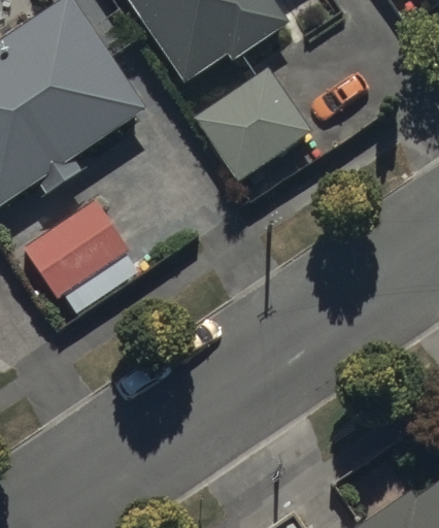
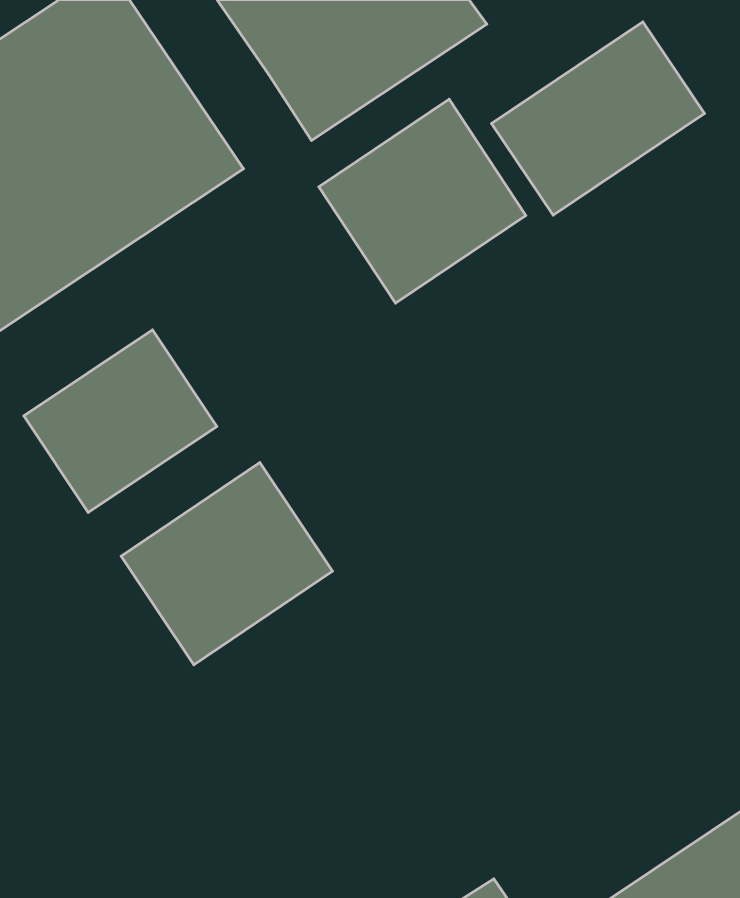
building: none -> [492,22,705,215]
building: none -> [121,463,332,665]

